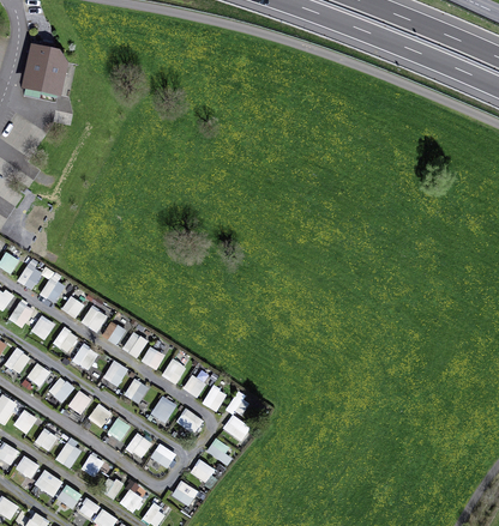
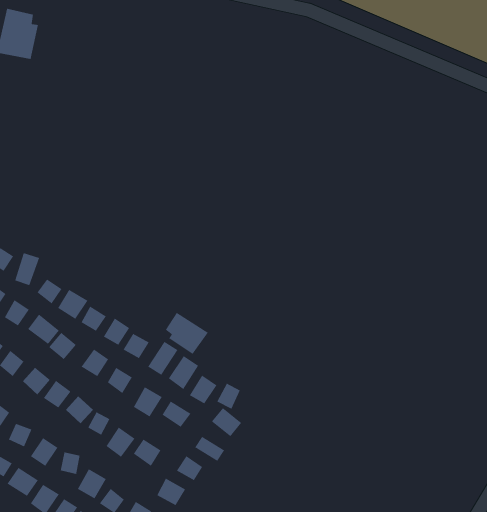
building: none -> [165,312,209,355]

